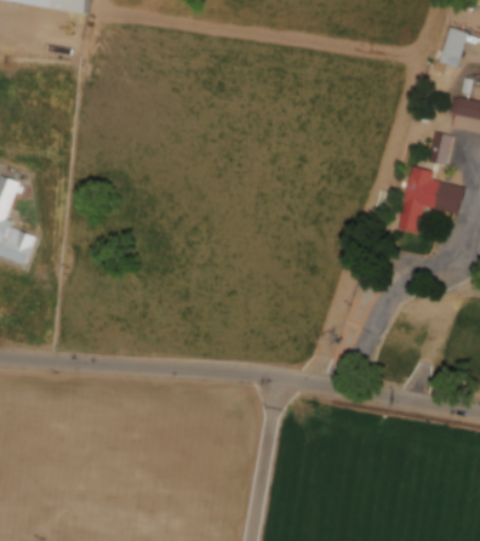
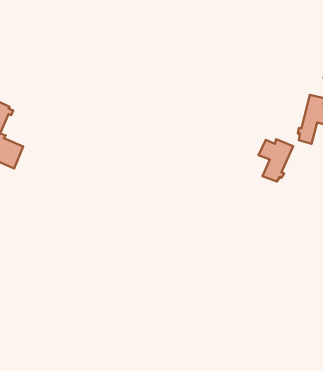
building: none -> [259,139,293,182]

